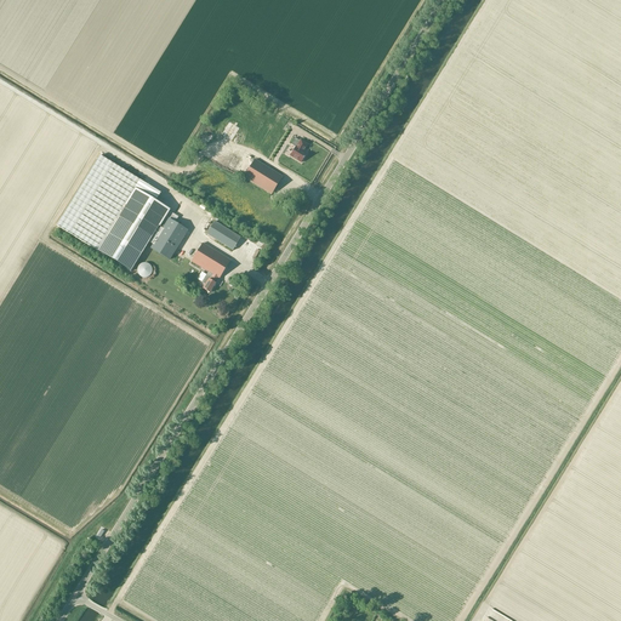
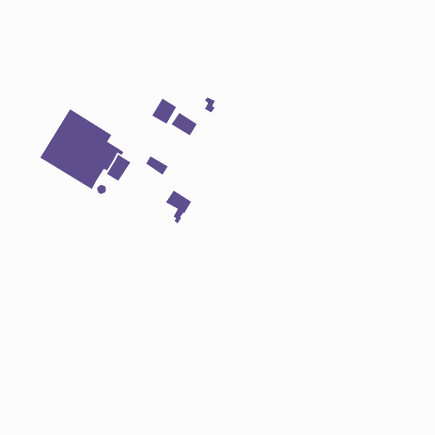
building: none -> [151,97,177,125]
building: [192,243,230,292] -> [165,190,192,225]

